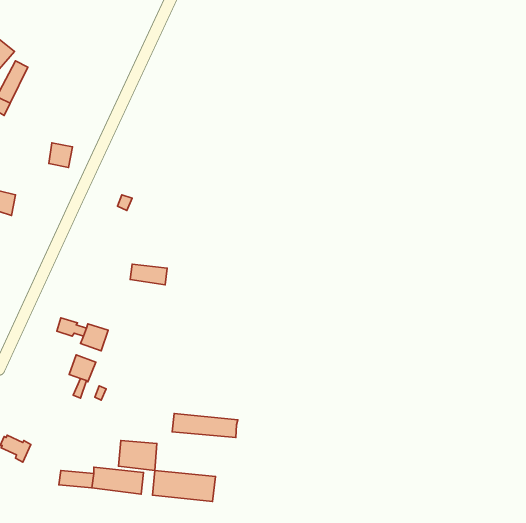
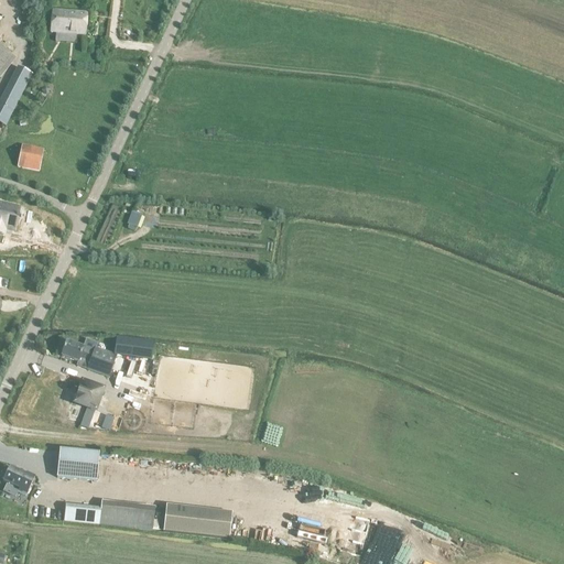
building: none -> [51,8,86,33]
building: [49,143,72,168] -> [18,142,43,169]
building: [130,264,167,285] -> [112,335,152,357]
building: [172,413,238,437] -> none
building: [119,440,157,470] -> [56,447,97,479]

